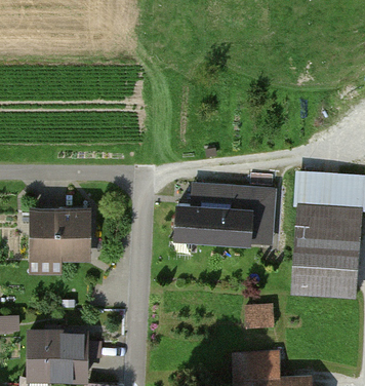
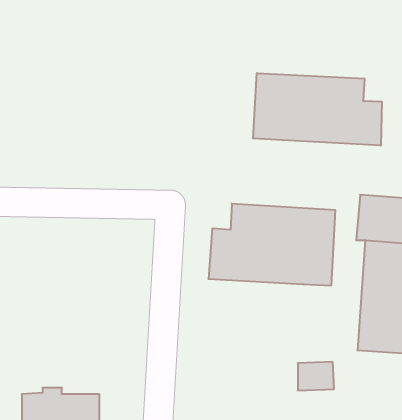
building: none -> [253,73,382,146]
building: [31,206,93,263] -> none

